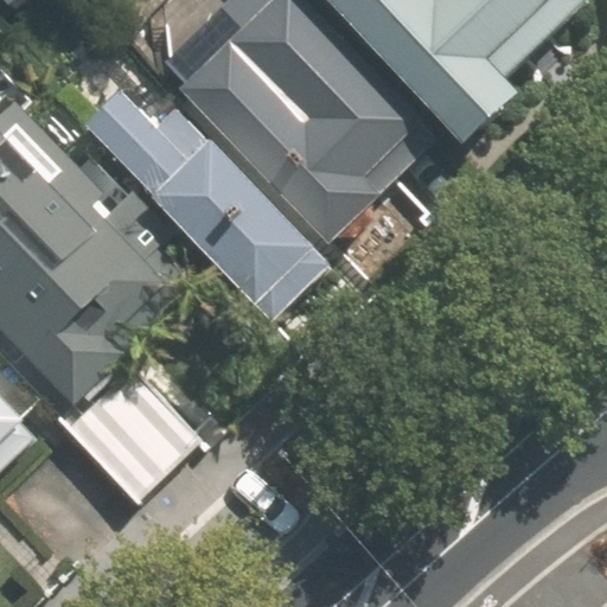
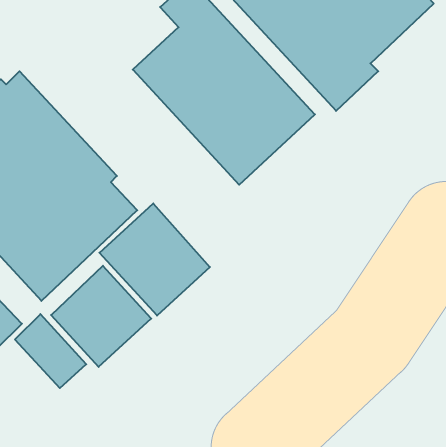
building: [85,88,318,313] -> none
building: none -> [99,203,210,316]

